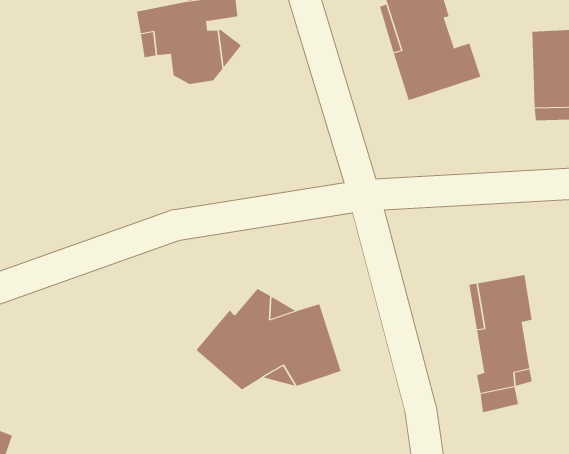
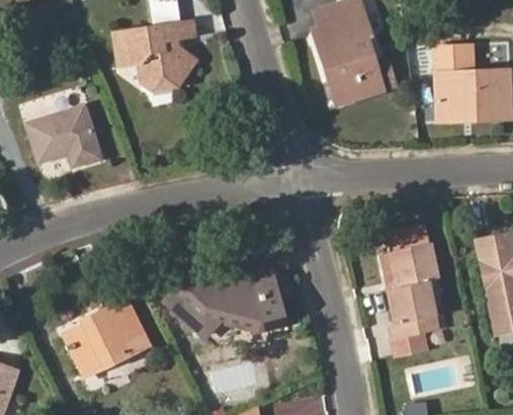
building: none -> [28,108,99,166]
building: none -> [66,302,148,378]

